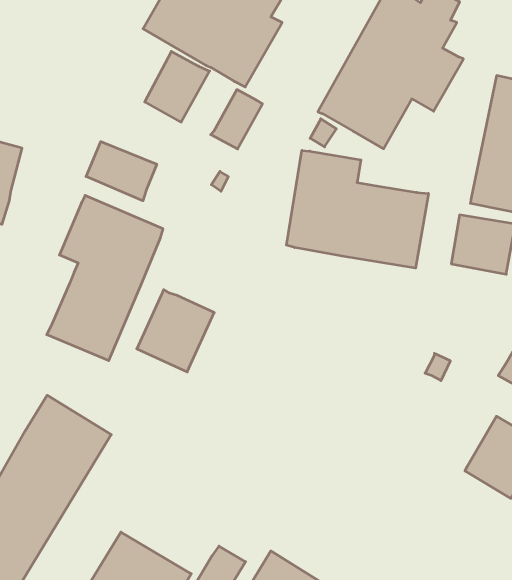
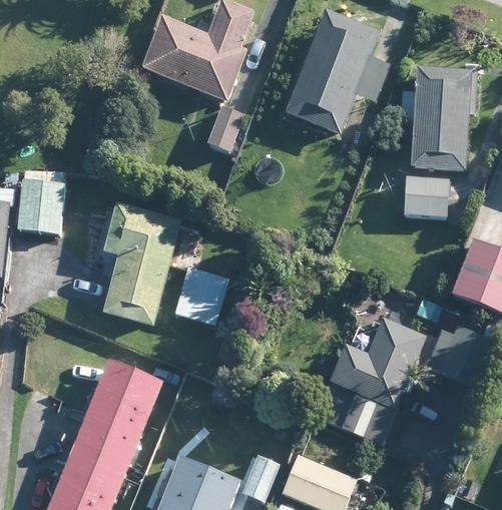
building: [145,51,210,122] -> none
building: [86,142,157,201] -> none
building: [286,150,428,268] -> none
building: none -> [322,315,426,444]

